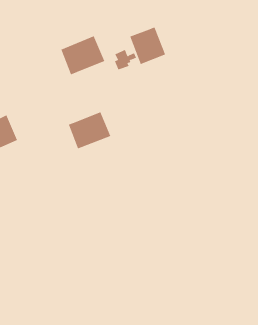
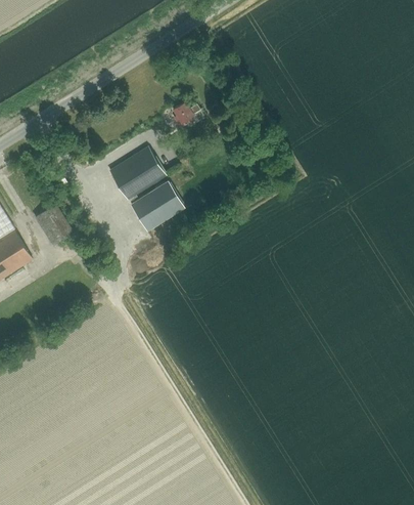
building: [130,27,166,65] -> none
building: [60,36,105,75] -> [110,146,167,199]

